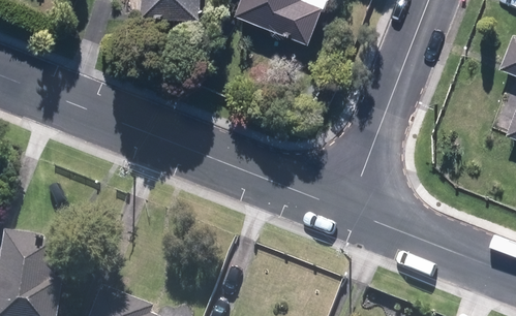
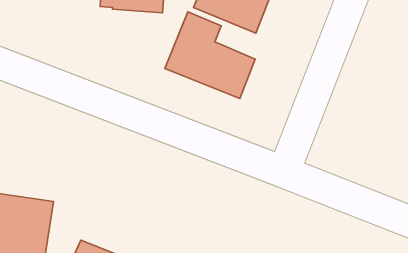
building: none -> [165,12,255,99]

